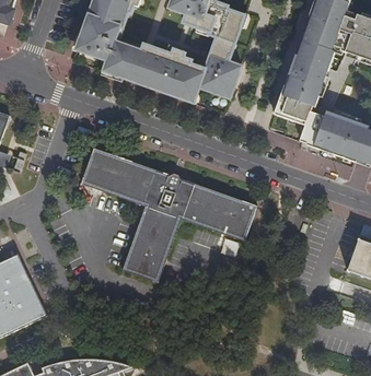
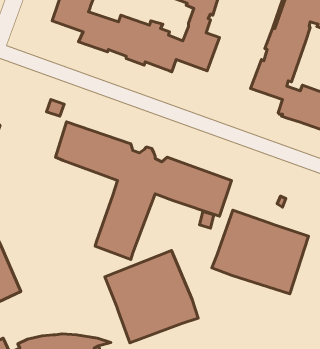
building: none -> [212,210,309,294]
building: none -> [105,250,198,343]

